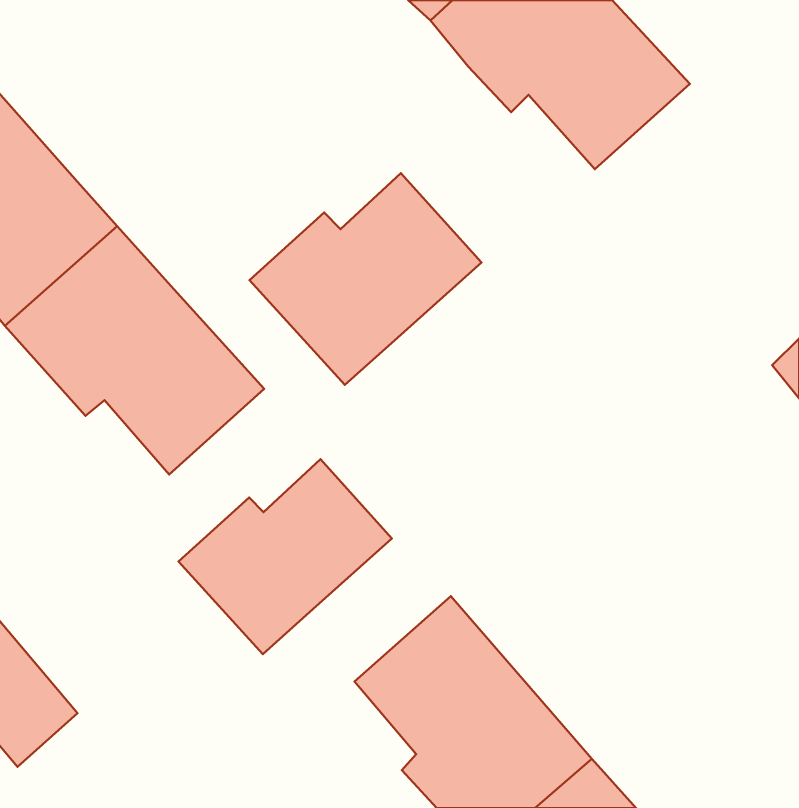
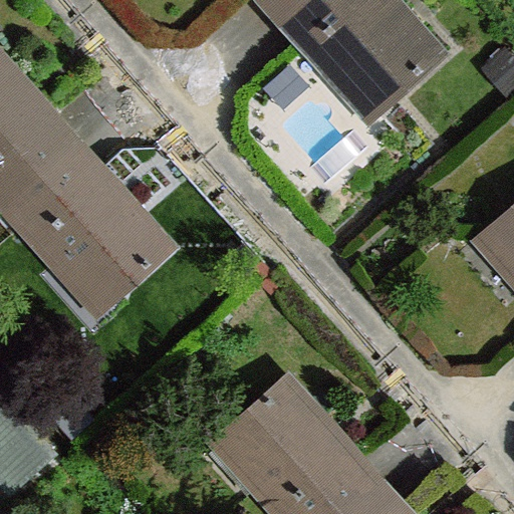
building: [249,173,481,385] -> none
building: [178,459,392,654] -> none

